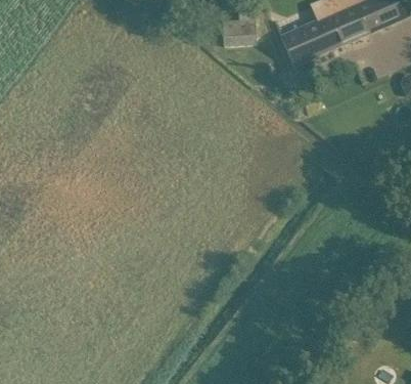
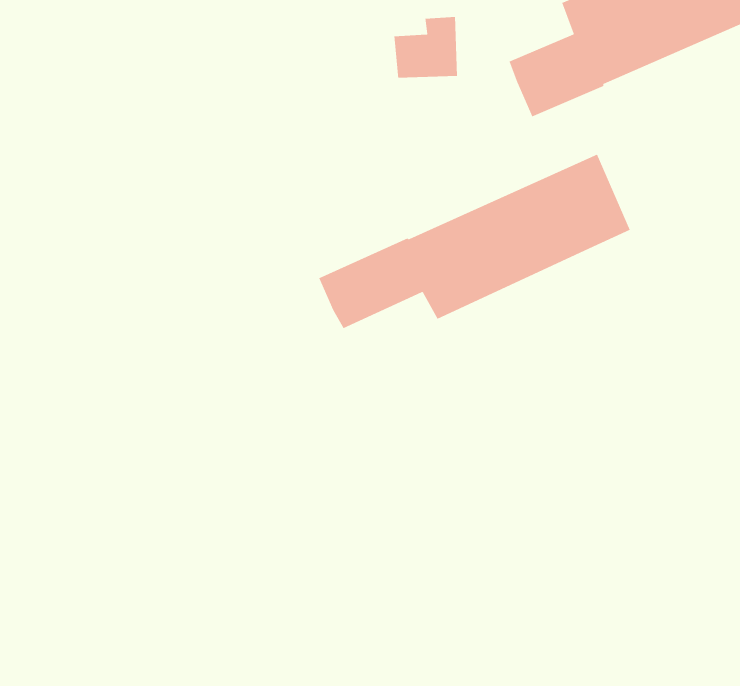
building: none -> [318,154,631,329]

